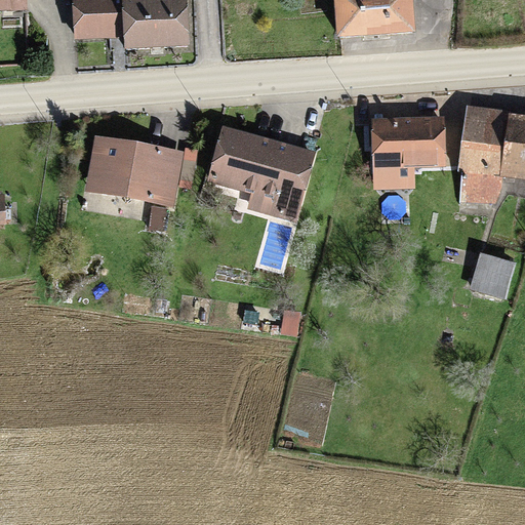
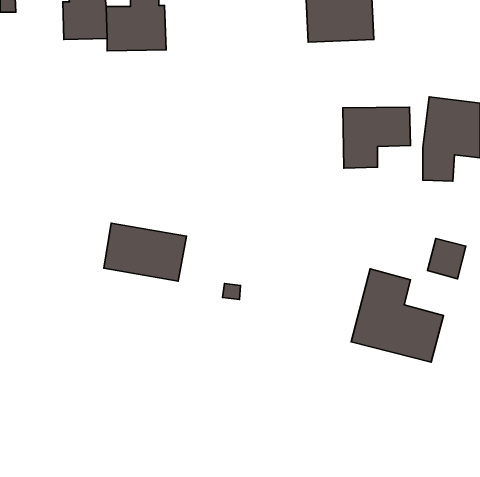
building: [210,126,314,218] -> none
building: [89,136,179,200] -> [104,223,186,281]
building: none -> [351,269,444,362]

